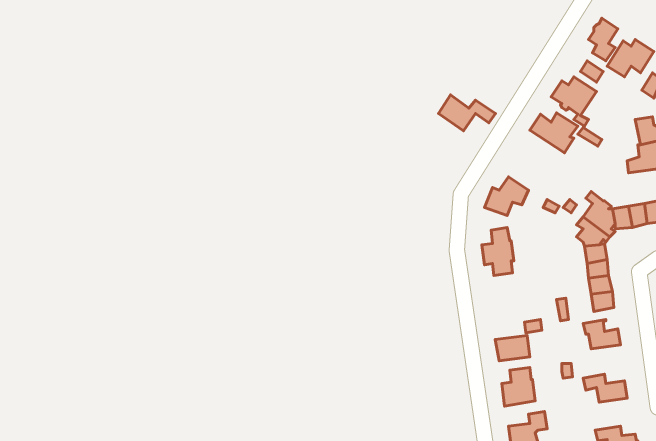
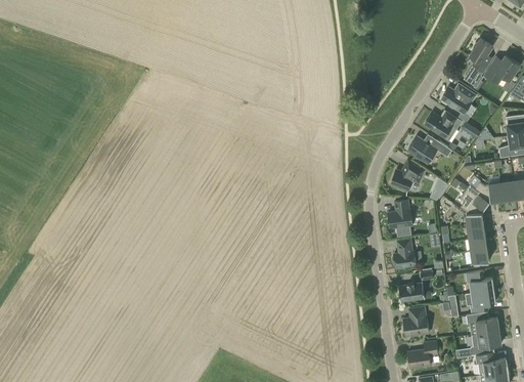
building: [438,95,496,131] -> [407,136,451,164]
building: none -> [393,239,416,268]
building: none -> [470,290,494,312]
building: none -> [470,331,500,355]

